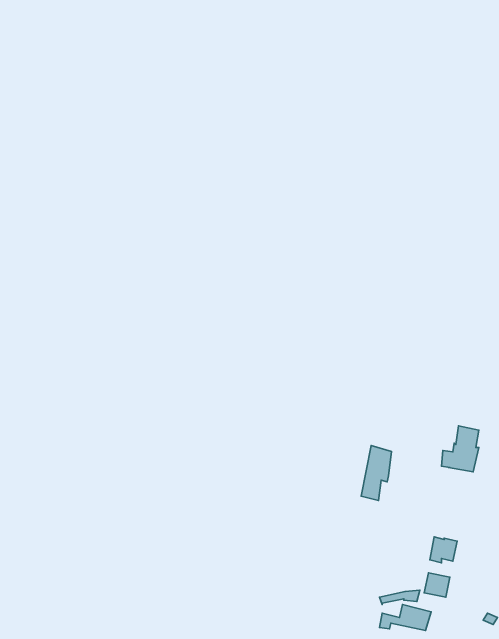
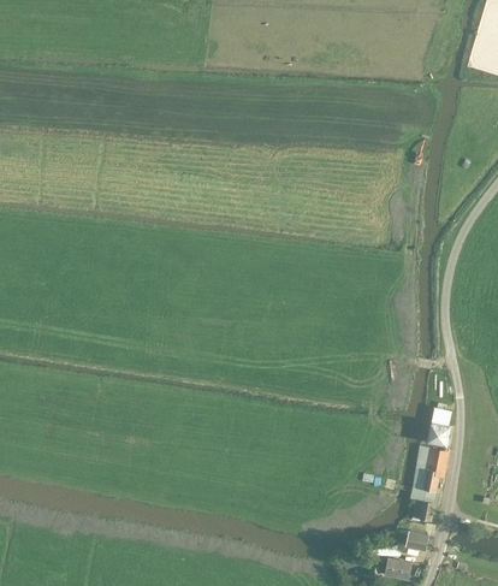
building: [361,446,391,500] -> [421,446,446,492]

